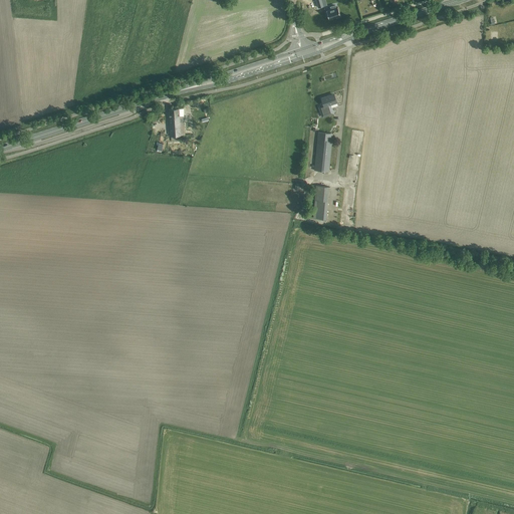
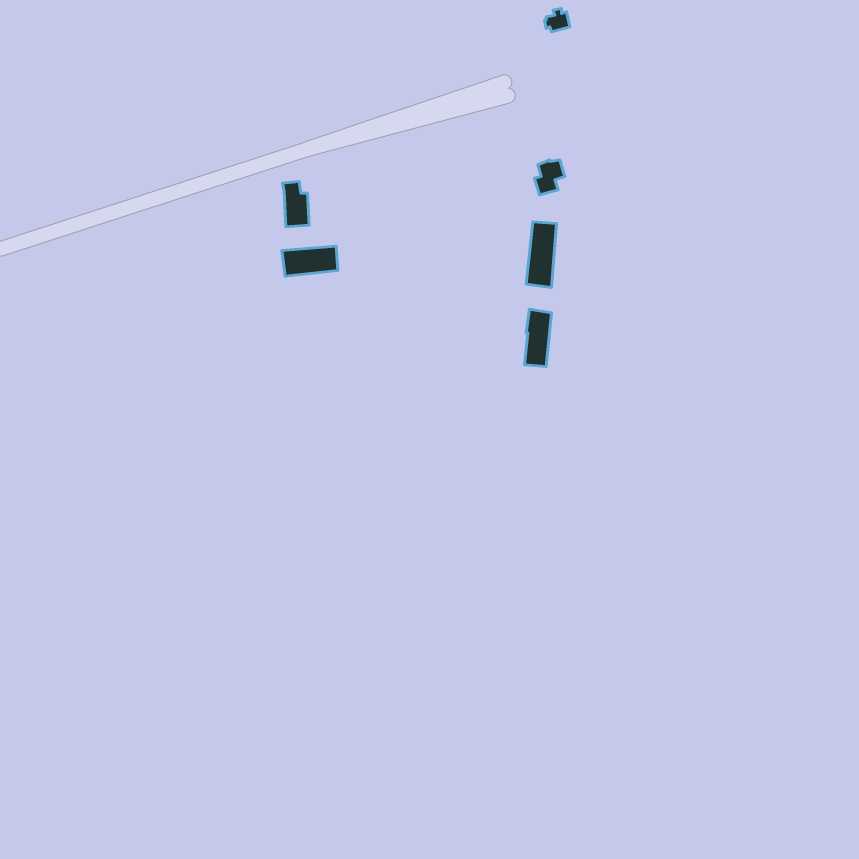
building: none -> [282,246,338,276]

